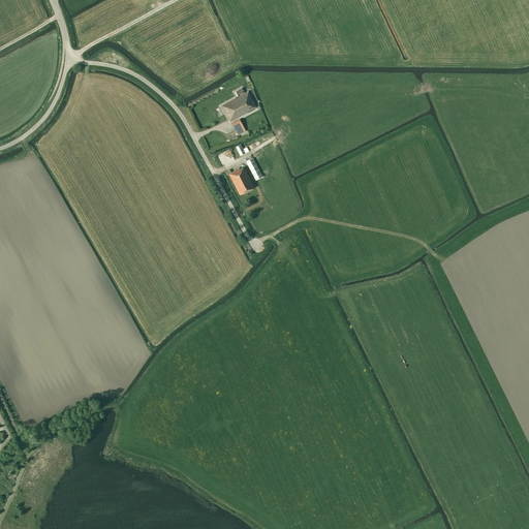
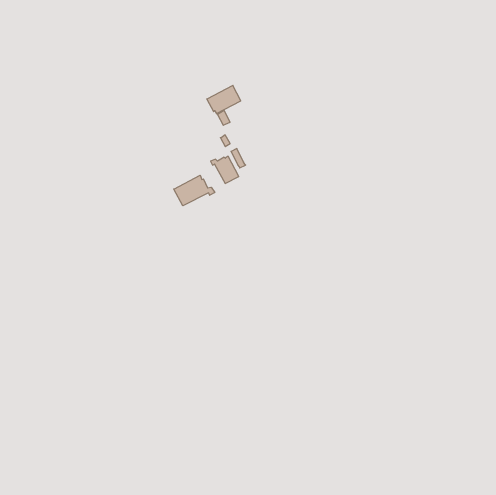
building: none -> [174,175,215,206]

